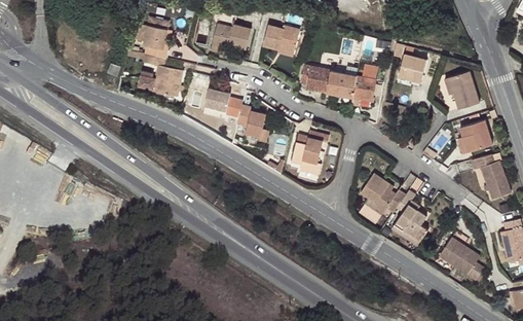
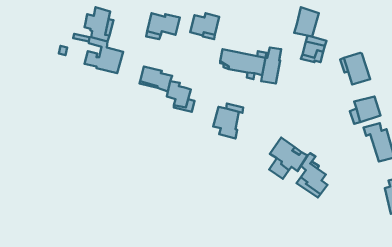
building: none -> [294,7,319,37]
building: [439,239,484,283] -> none

